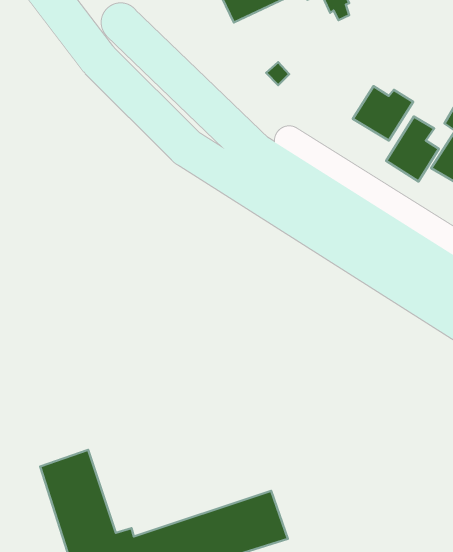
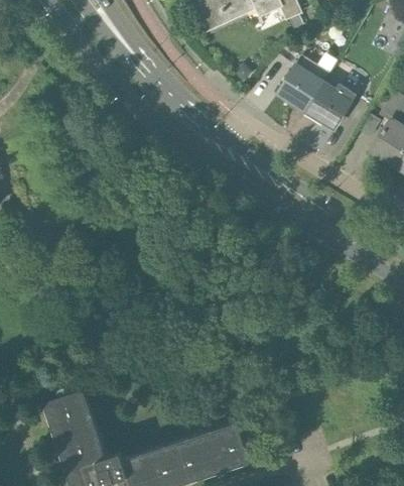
building: [386,116,439,181] -> [278,55,322,110]

